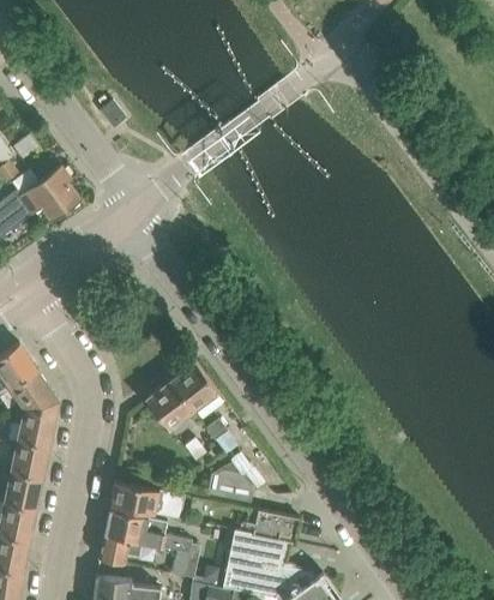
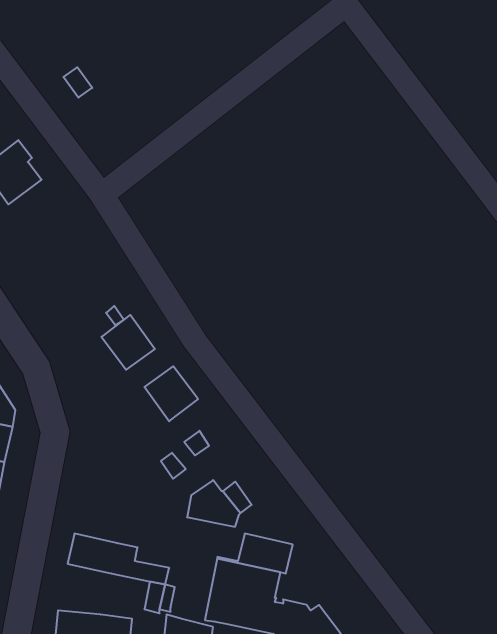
building: [144,382,191,430] -> [101,315,155,370]
building: [109,481,183,520] -> none
building: [97,536,140,565] -> none

